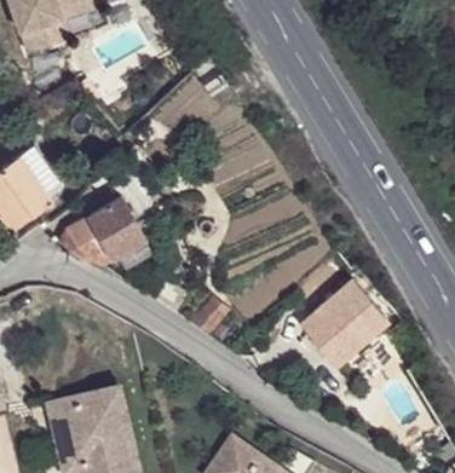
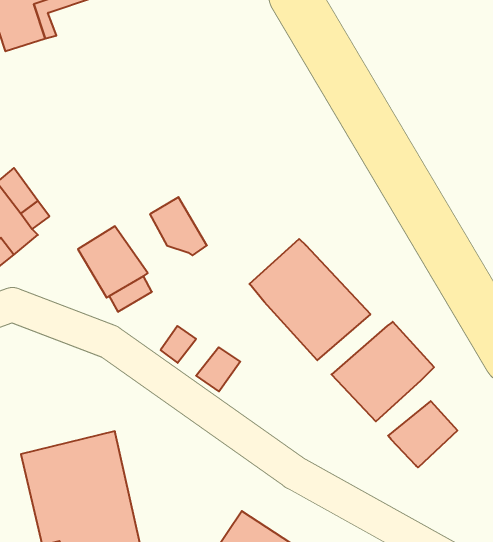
building: none -> [249,239,370,360]
building: [65,217,114,266] -> [150,197,207,255]
building: none -> [388,401,457,467]

